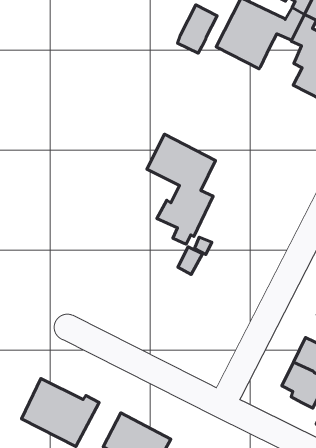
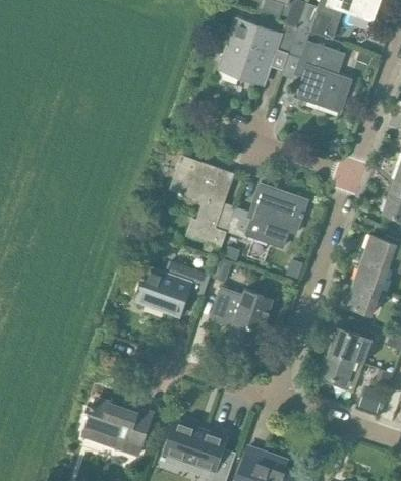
building: [177,5,217,53] -> none
building: none -> [227,183,308,251]
building: none -> [137,260,210,317]
building: none -> [209,286,274,345]

